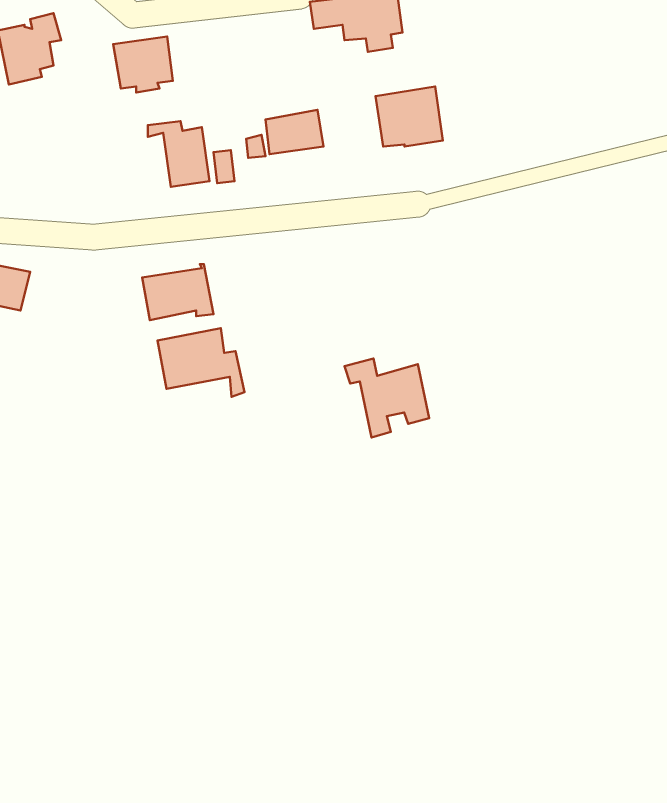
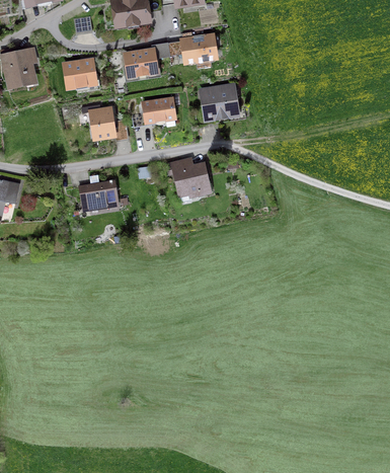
building: none -> [126,49,156,75]
building: [157,328,245,397] -> none
building: [344,358,429,437] -> [166,159,211,201]

